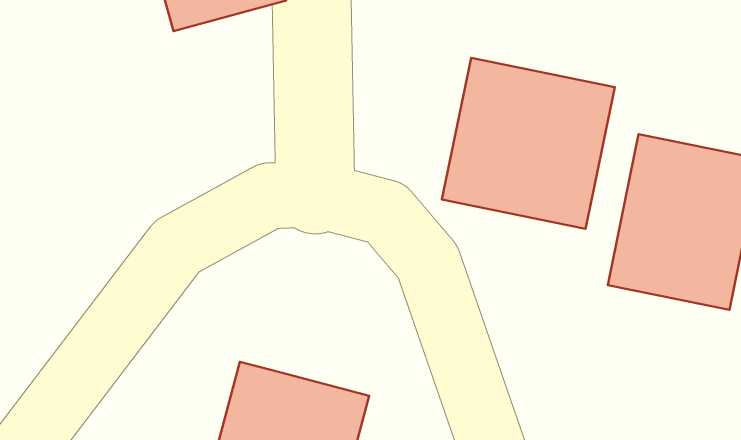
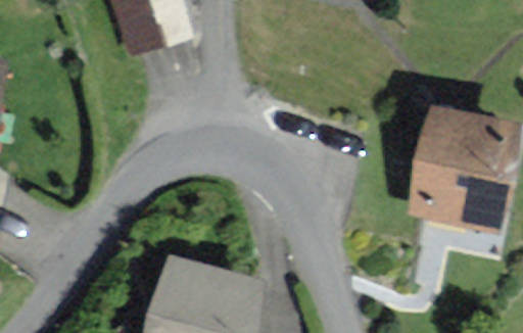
building: [442,58,615,229] -> none

